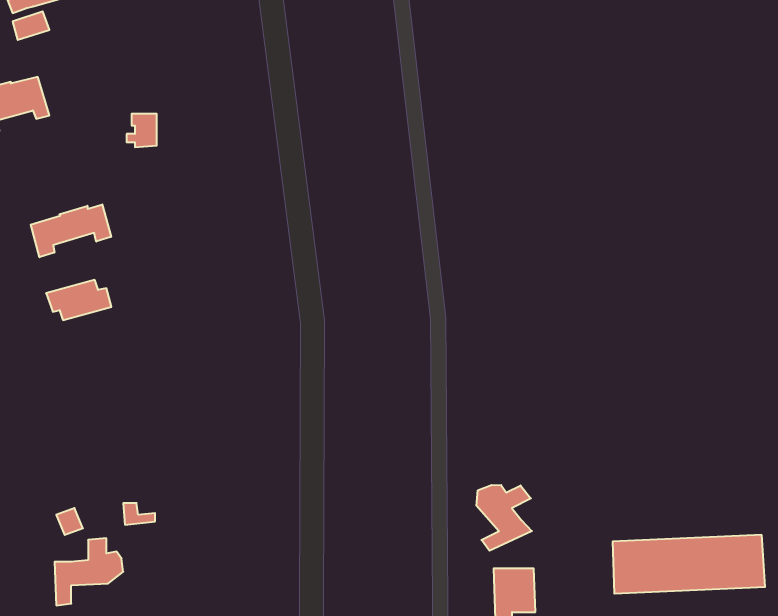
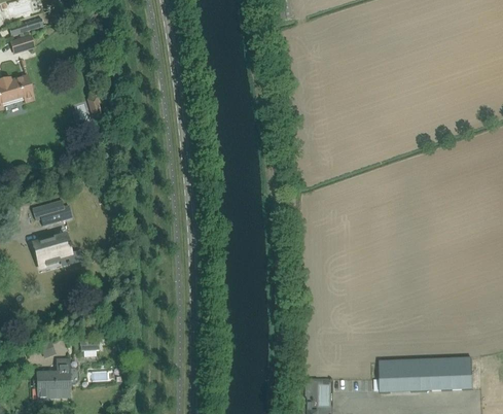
building: [31,204,111,257] -> none
building: none -> [32,235,70,265]
building: [477,485,532,551] -> none

